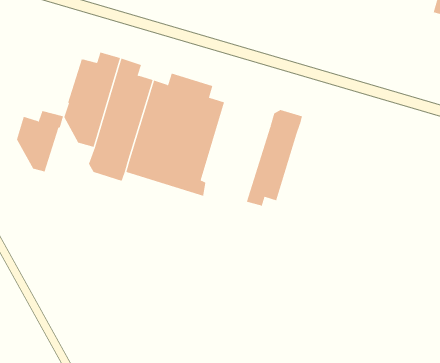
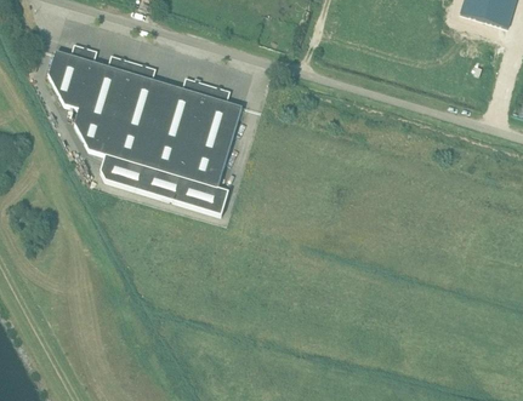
building: [246,109,303,207] -> none
building: [16,110,64,172] -> [50,46,100,110]

